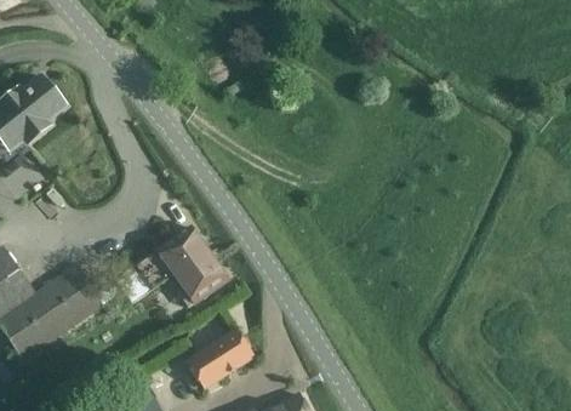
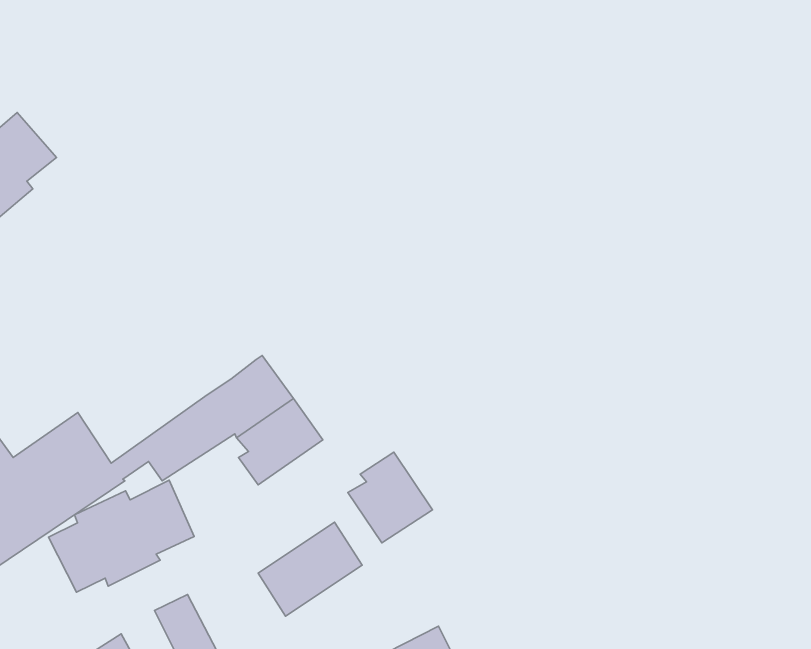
building: none -> [348,452,432,543]
building: none -> [48,480,194,592]

